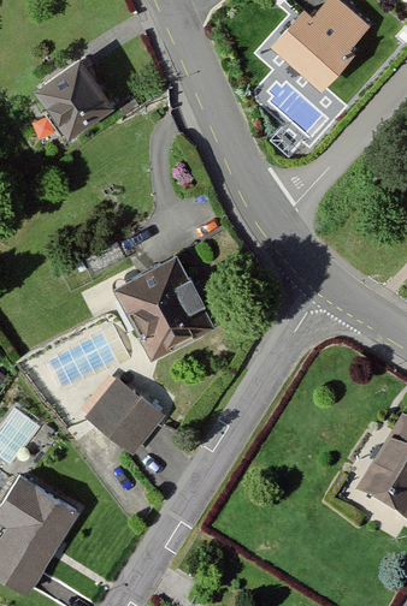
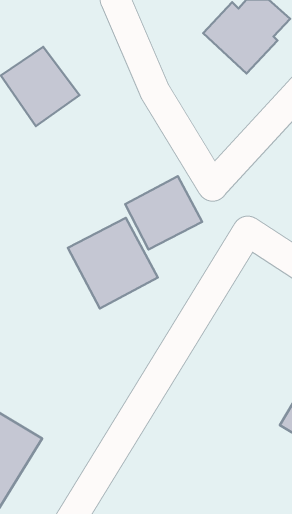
building: none -> [125,176,202,249]
building: [85,376,166,454] -> none

